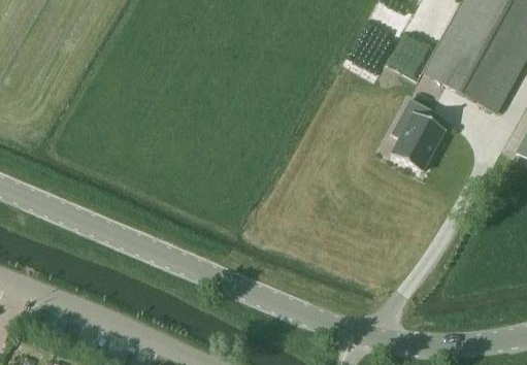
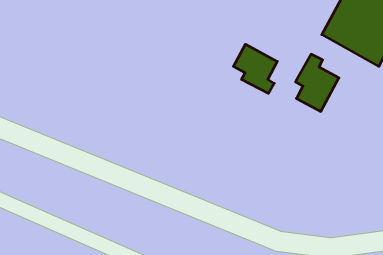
building: none -> [233,44,277,93]

